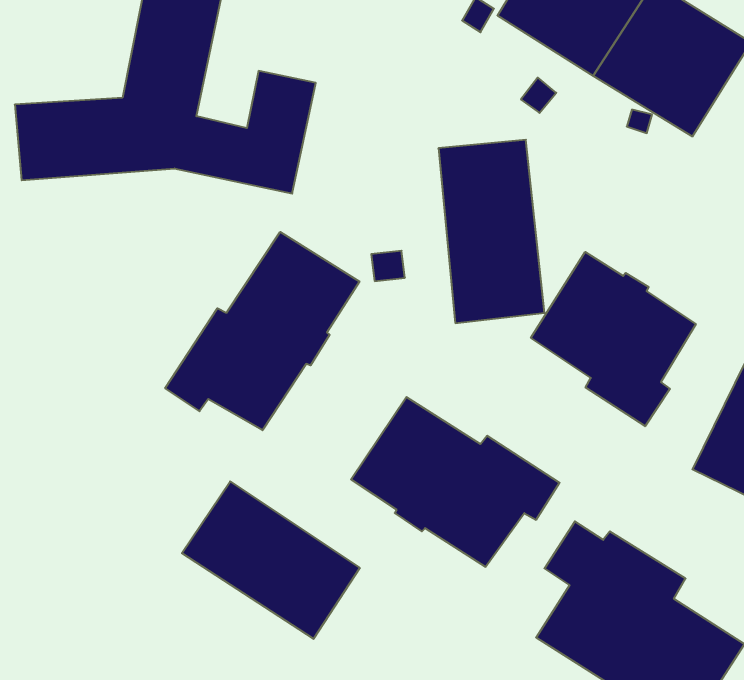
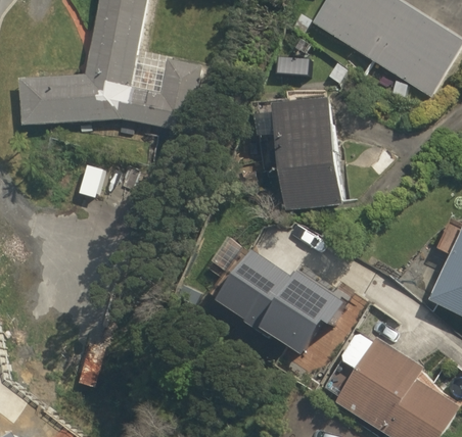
building: [165,232,359,430] -> none
building: [531,252,696,426] -> none
building: [182,481,360,639] -> none

